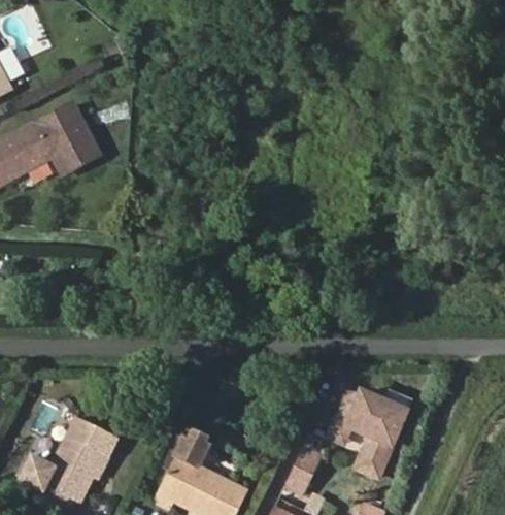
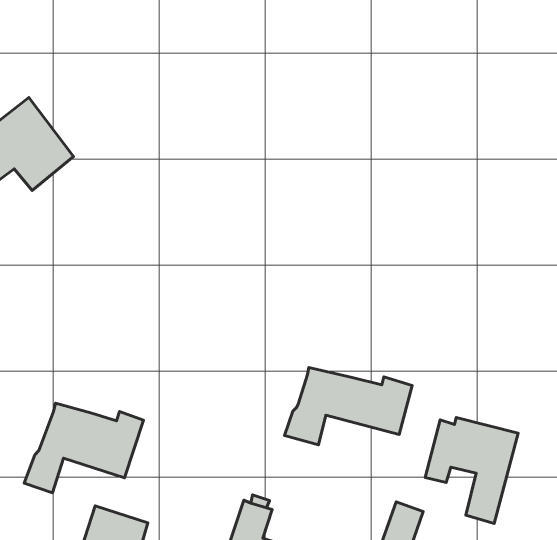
building: none -> [285,367,412,445]
building: none -> [24,403,143,493]

